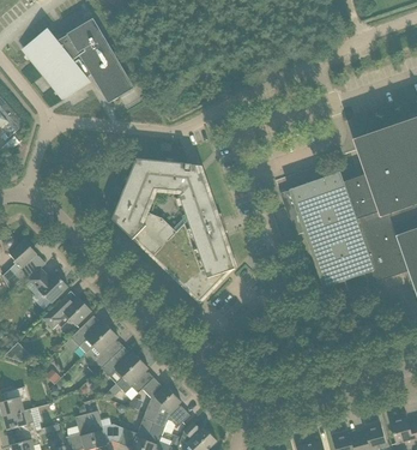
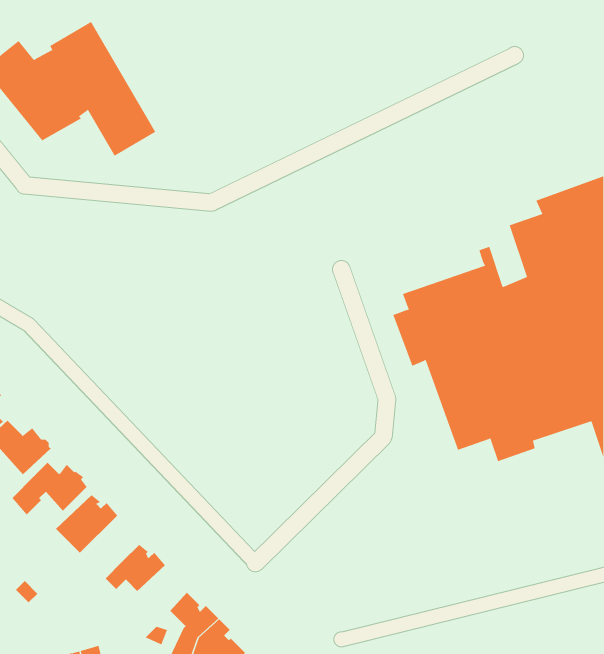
building: [113,158,235,302] -> none
building: [85,329,123,368] -> none
building: [109,360,153,396] -> none

